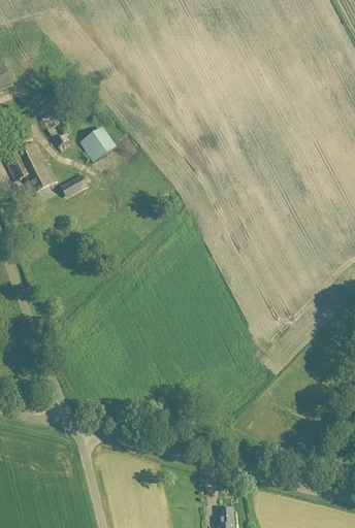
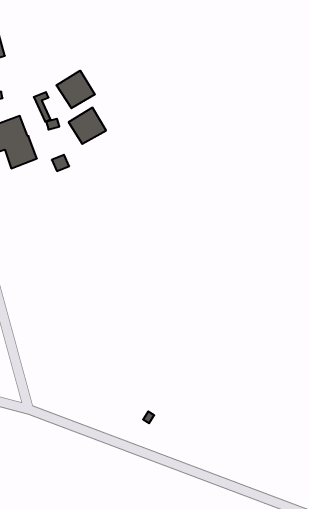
building: none -> [56,71,95,108]

